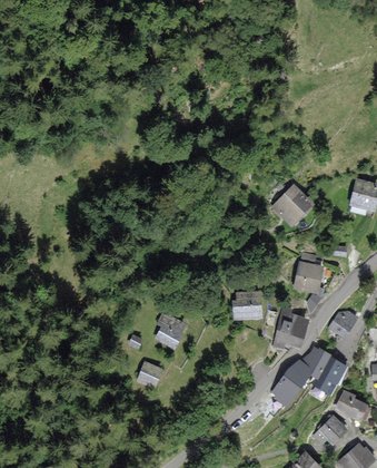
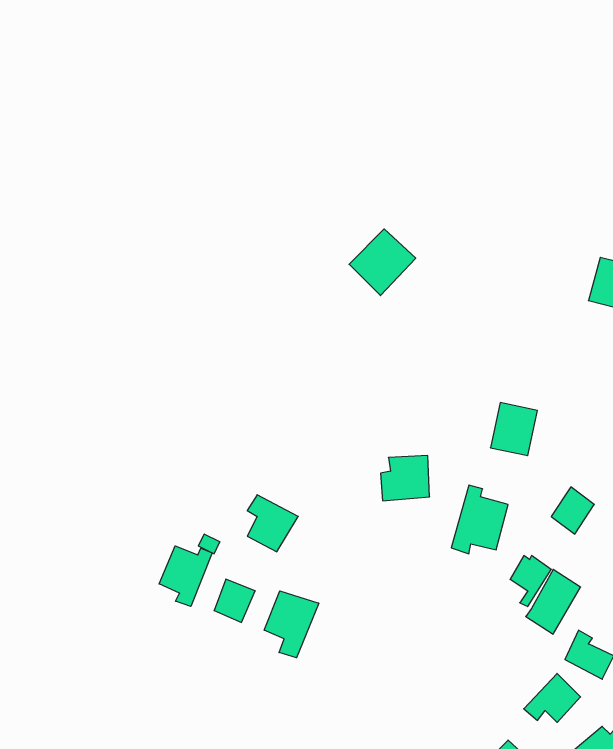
building: [274,187,311,225] -> [349,229,416,296]
building: none -> [159,546,212,606]
building: [272,361,311,406] -> none
building: none -> [264,591,319,658]

